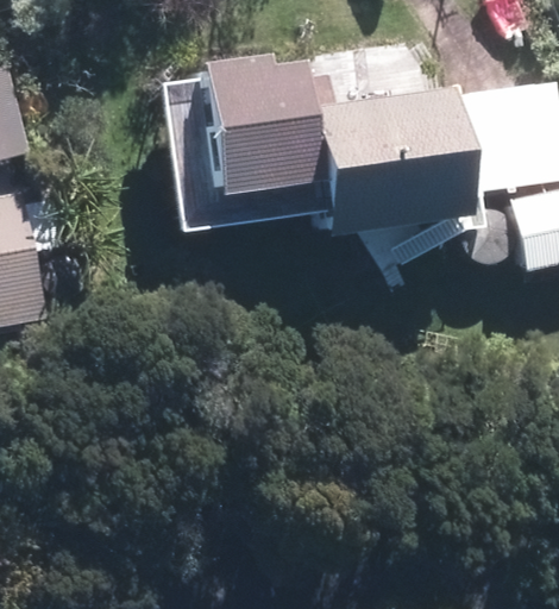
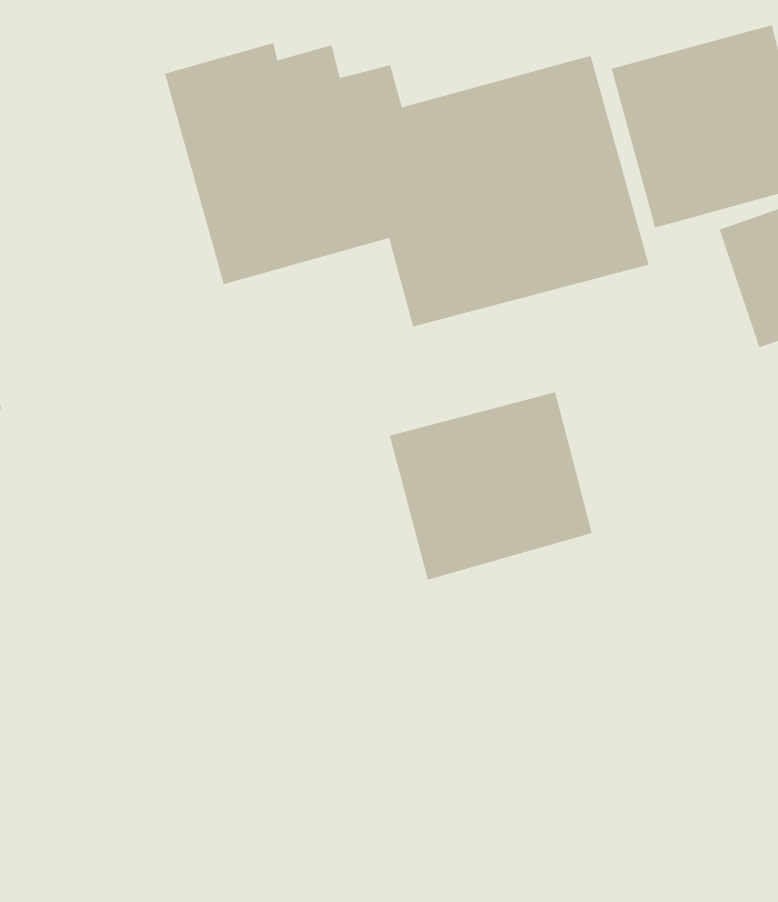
building: none -> [389,391,593,580]

